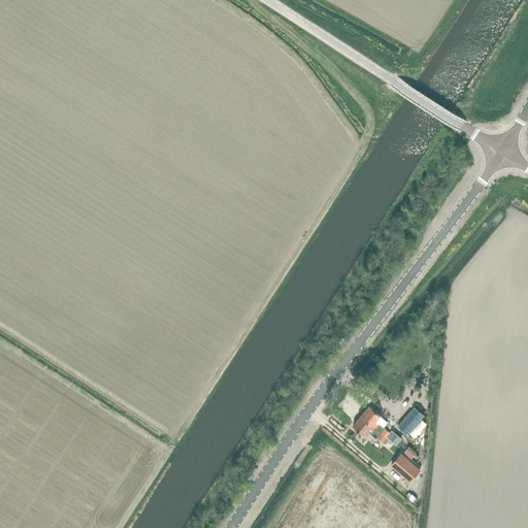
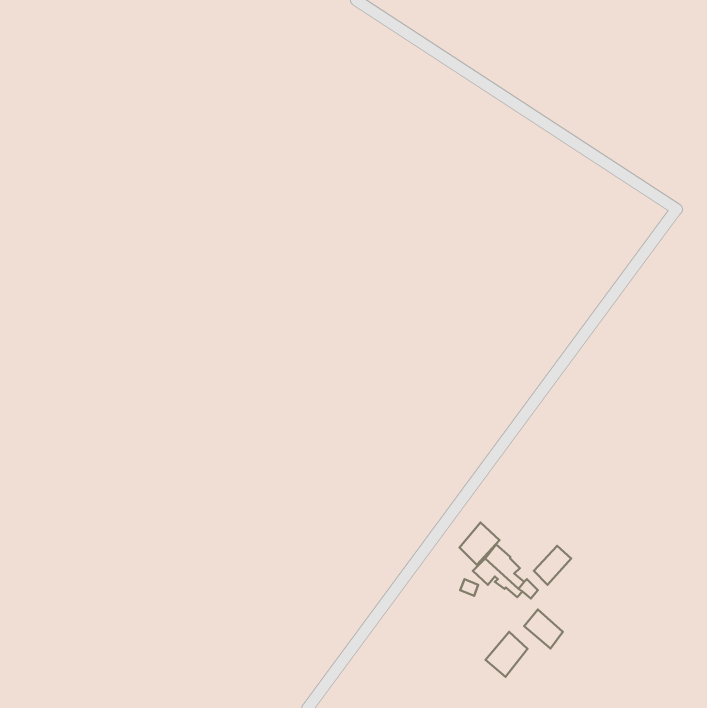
building: none -> [459,523,500,565]
building: none -> [486,632,528,677]

